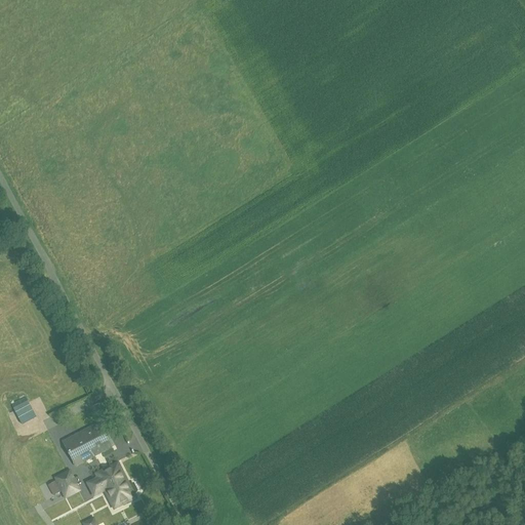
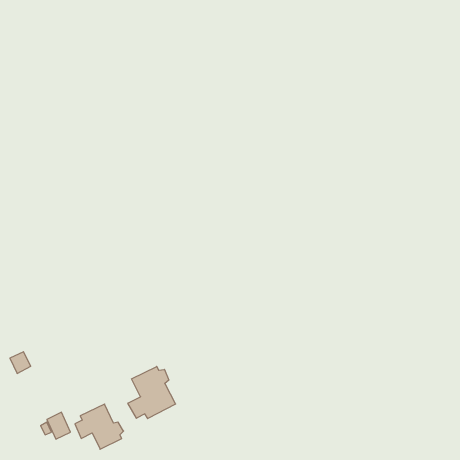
building: none -> [128,366,176,419]
building: [59,421,112,468] -> none

